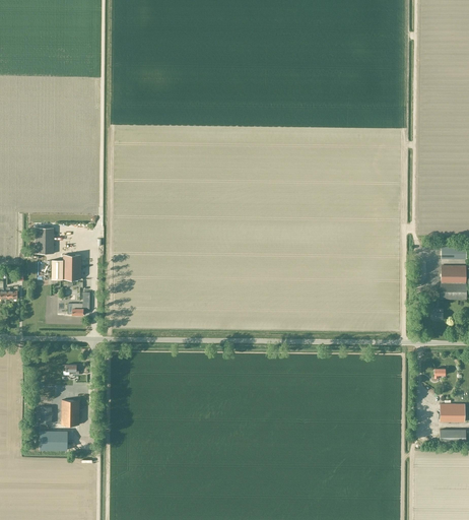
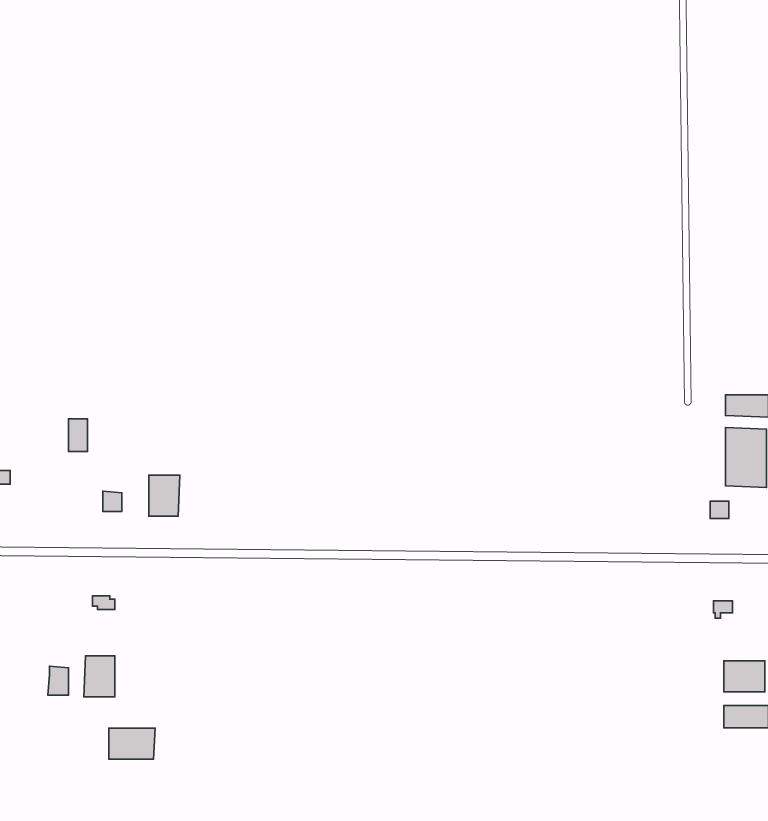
building: [37,228,54,254] -> none
building: [63,255,81,279] -> [149,475,180,516]
building: [40,430,67,448] -> [109,728,155,759]

